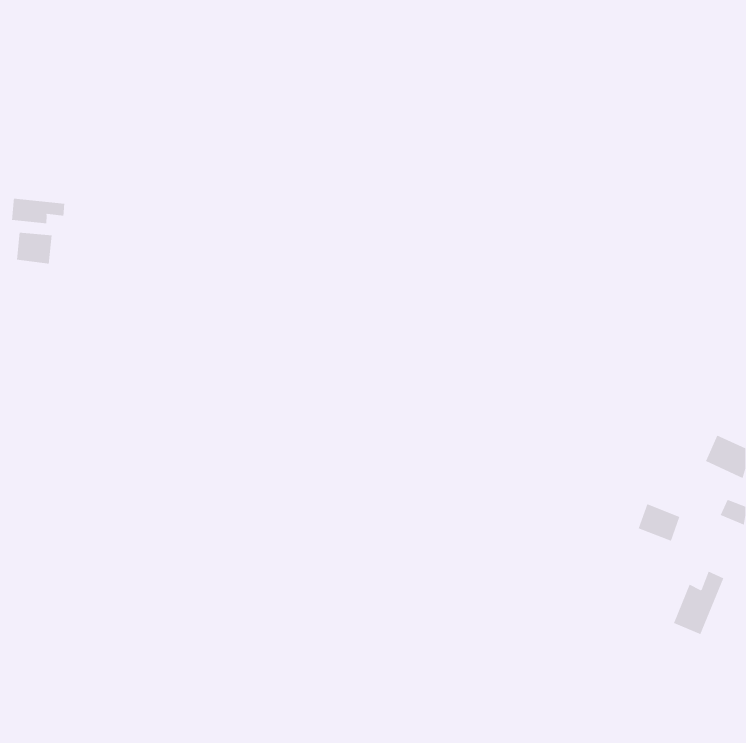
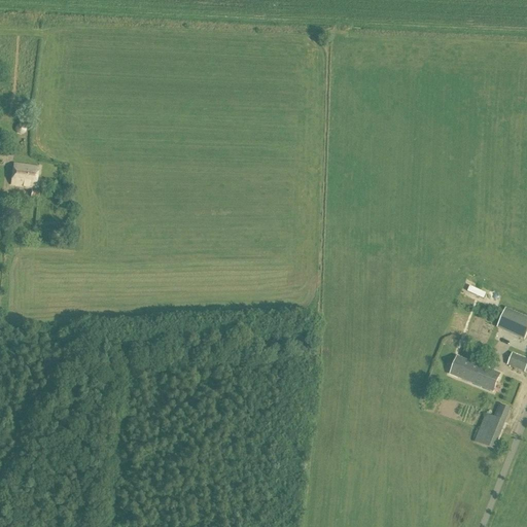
building: [12,198,65,224] -> none
building: none -> [473,364,500,389]

